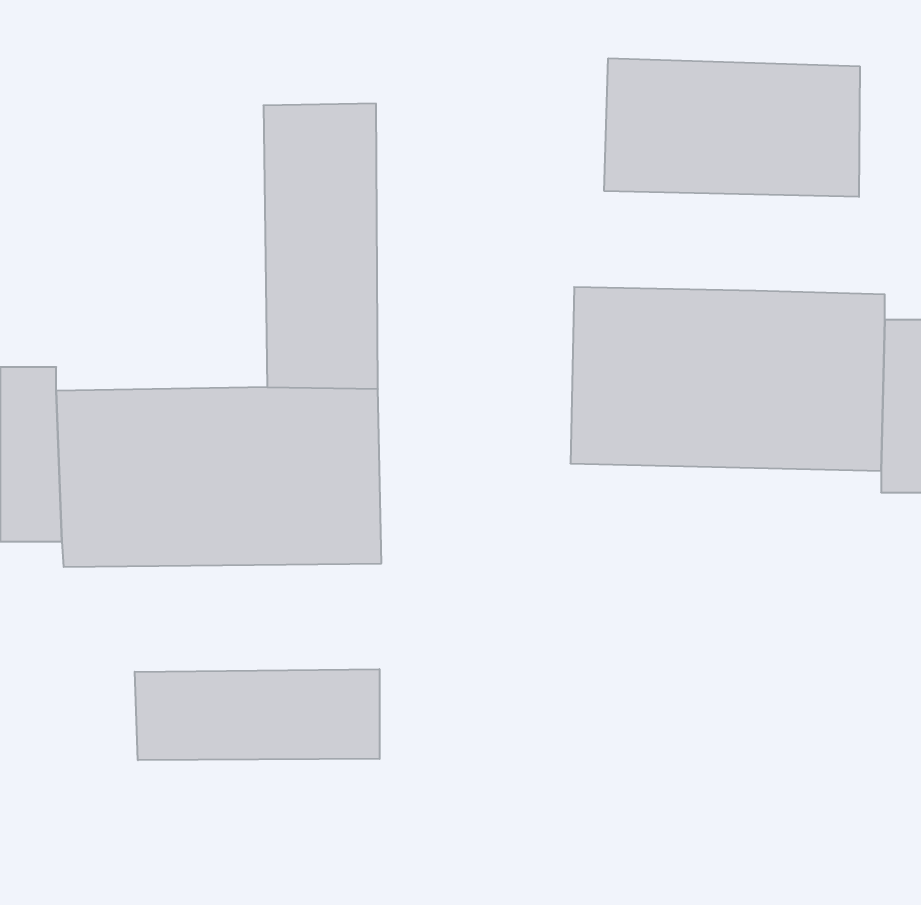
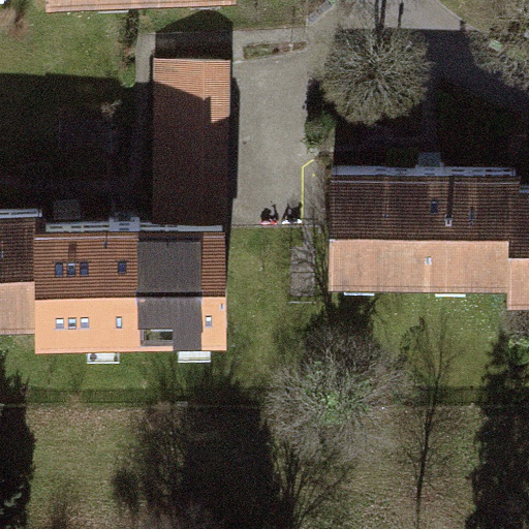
building: [604,58,860,197] -> none
building: [135,669,380,760] -> none

